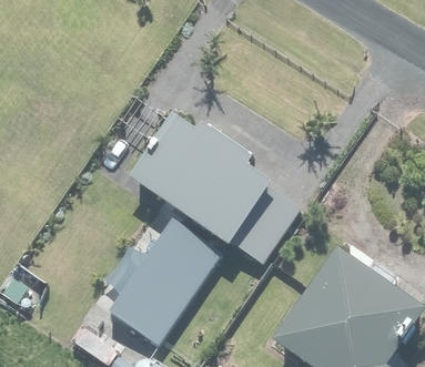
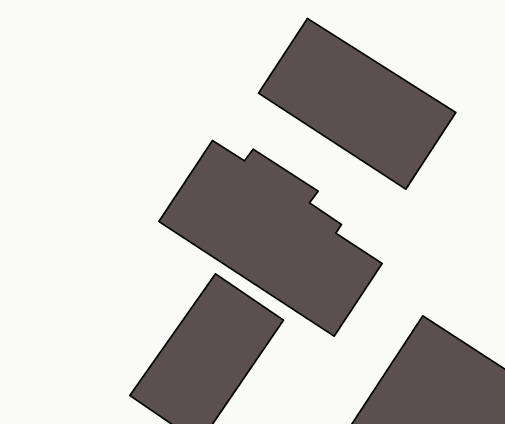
building: none -> [259,18,456,189]

